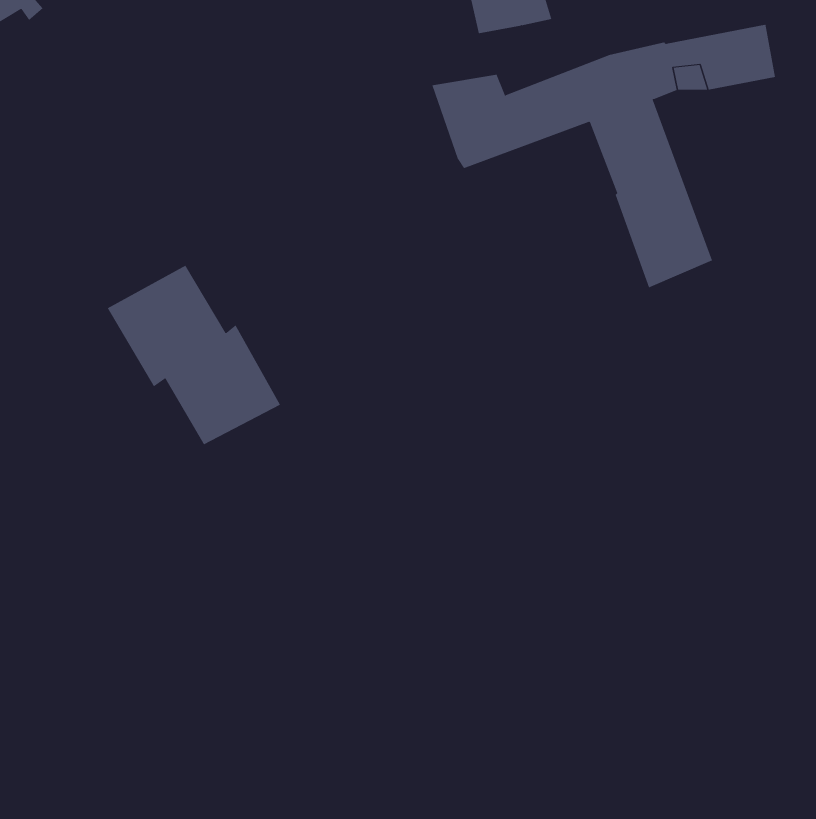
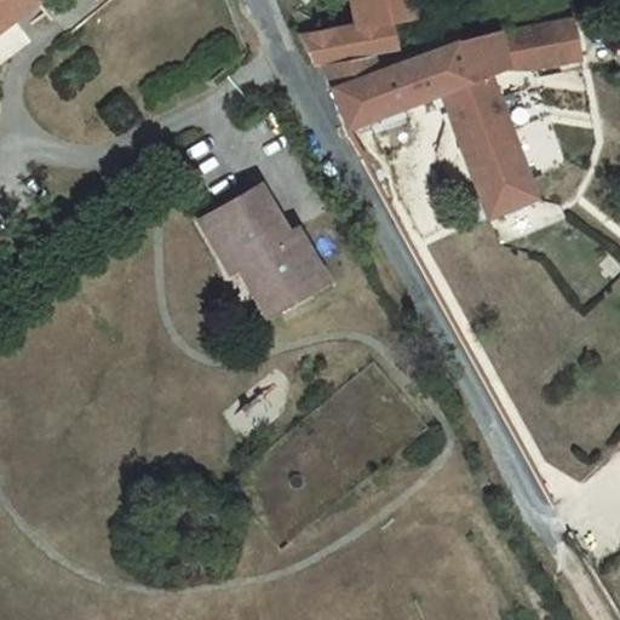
building: none -> [304,19,397,64]
building: [107,265,281,445] -> [195,184,326,320]

